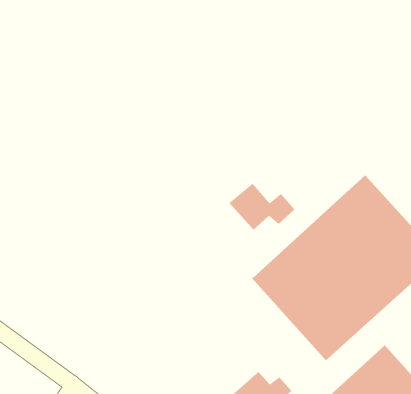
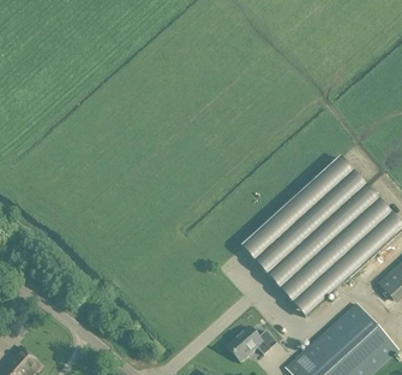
building: [228,183,295,230] -> none

